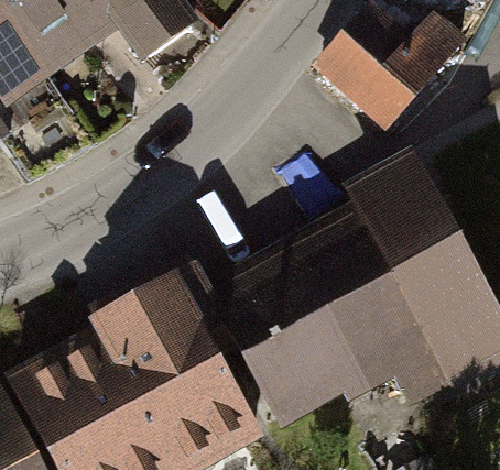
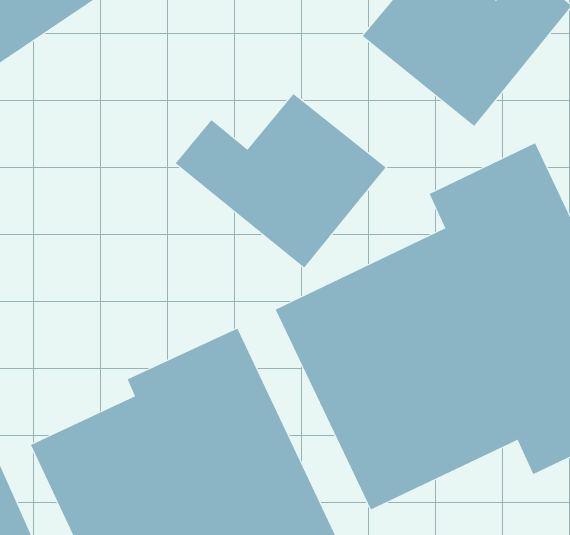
building: none -> [175,93,387,268]

